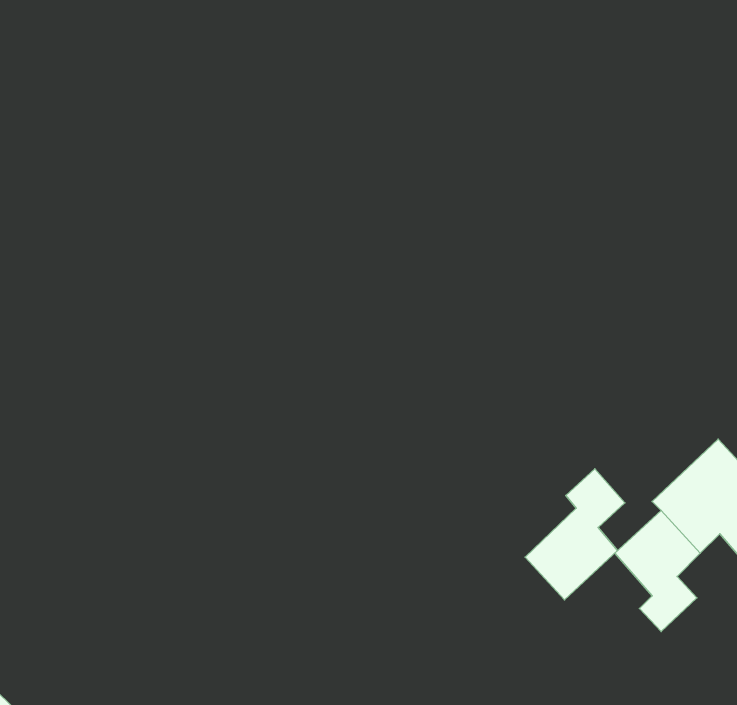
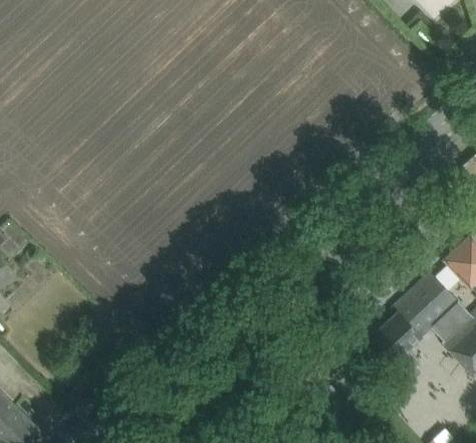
building: [525,469,625,600] -> none

